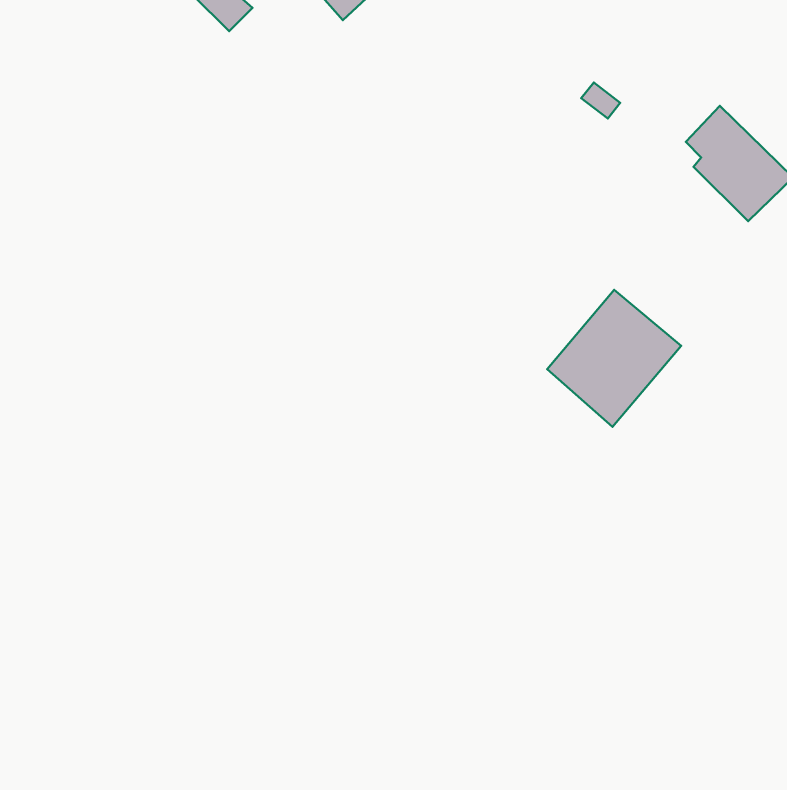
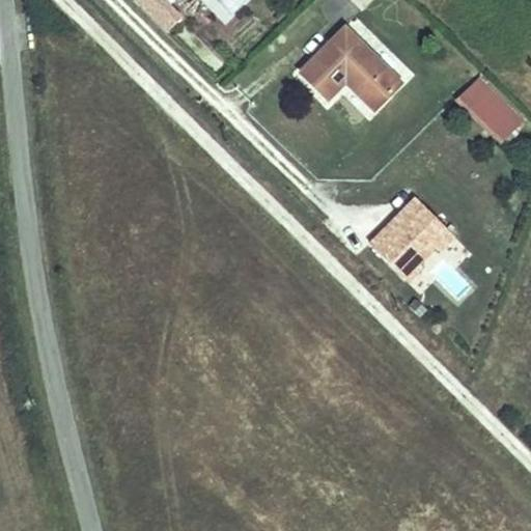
building: none -> [295,24,388,101]

